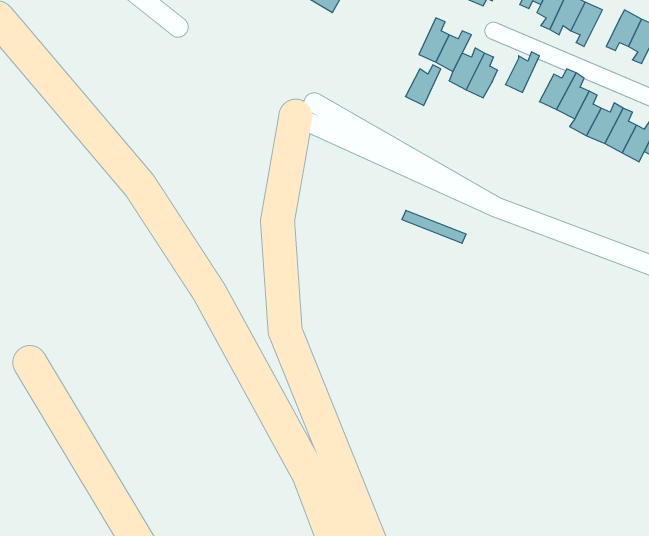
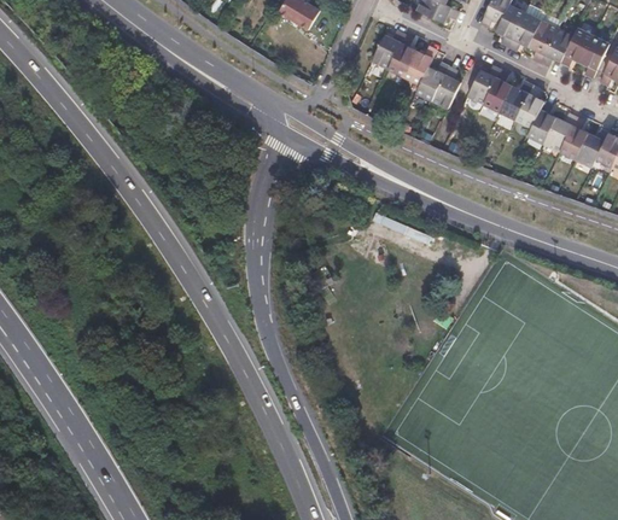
building: none -> [538,27,571,65]
building: none -> [482,69,511,111]
building: [405,65,441,106] -> [369,30,402,68]

